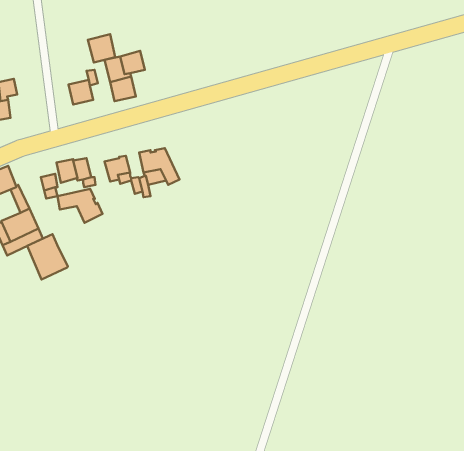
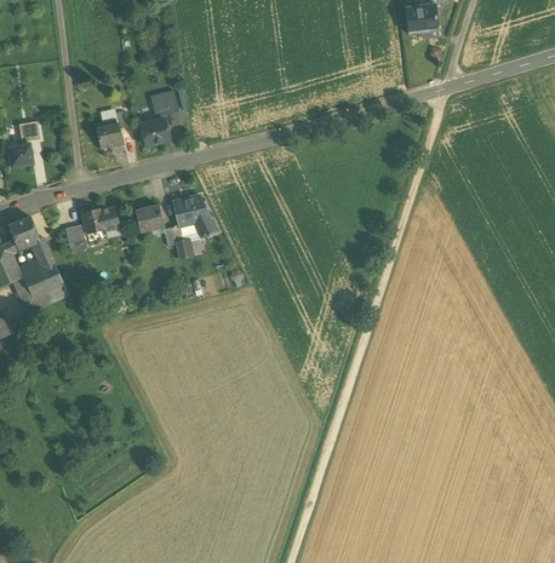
building: [88,34,115,62] -> none
building: [57,189,103,223] -> none
building: [27,234,68,279] -> none

